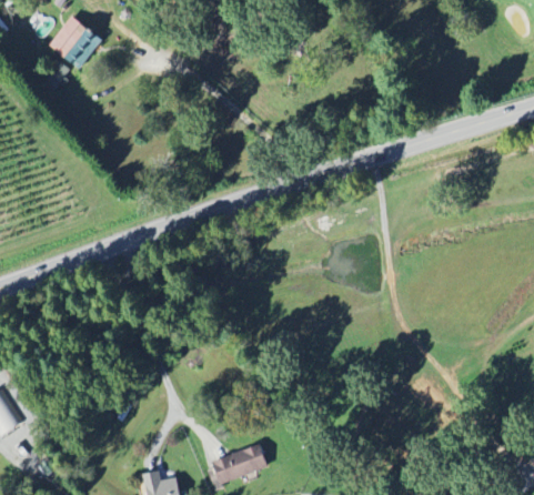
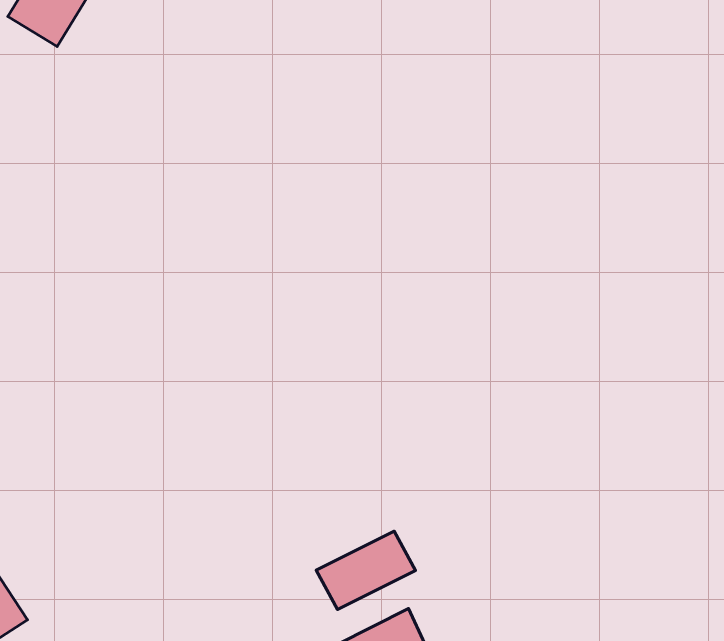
building: none -> [316,531,416,609]

